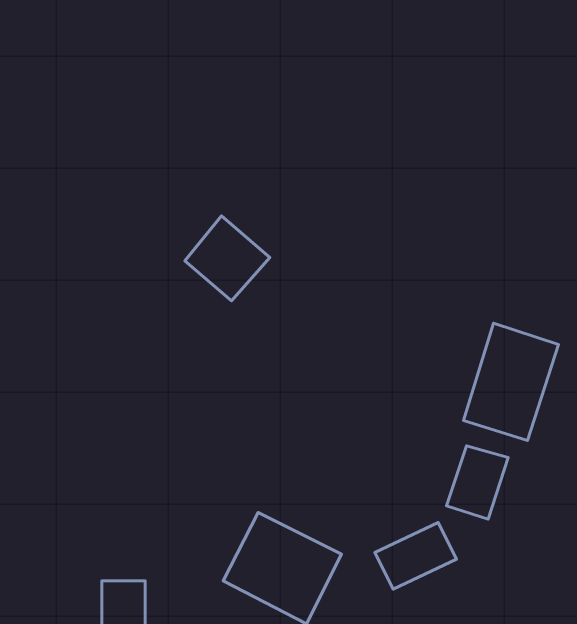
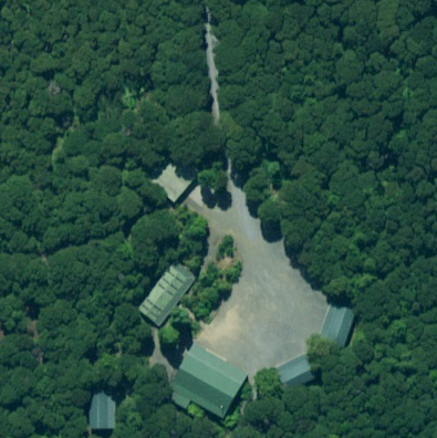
building: [463,323,559,441] -> none
building: none -> [135,259,197,325]

